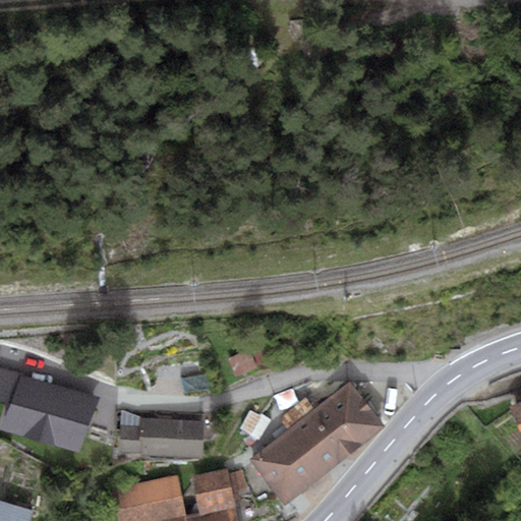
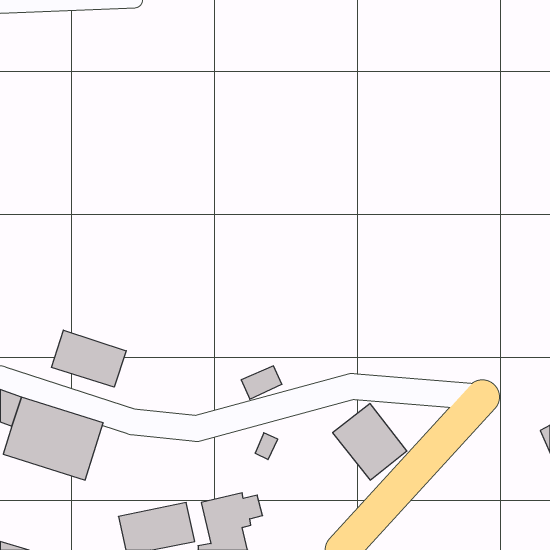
building: none -> [52,330,126,387]
building: [249,397,350,505] -> none
building: [120,418,204,458] -> none

